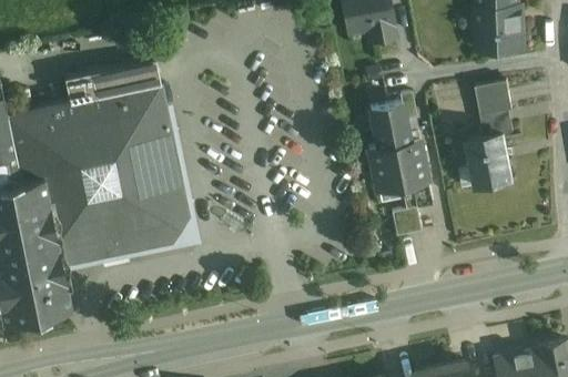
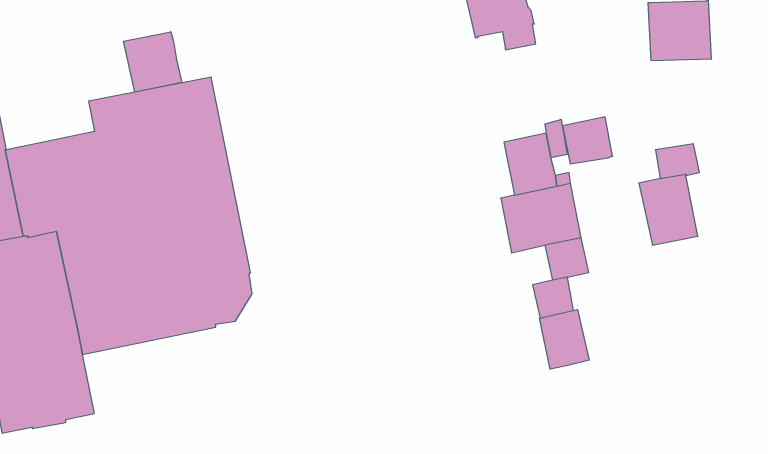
building: none -> [123,32,182,92]
building: [476,81,513,115] -> [563,117,613,164]
building: none -> [539,310,589,369]

